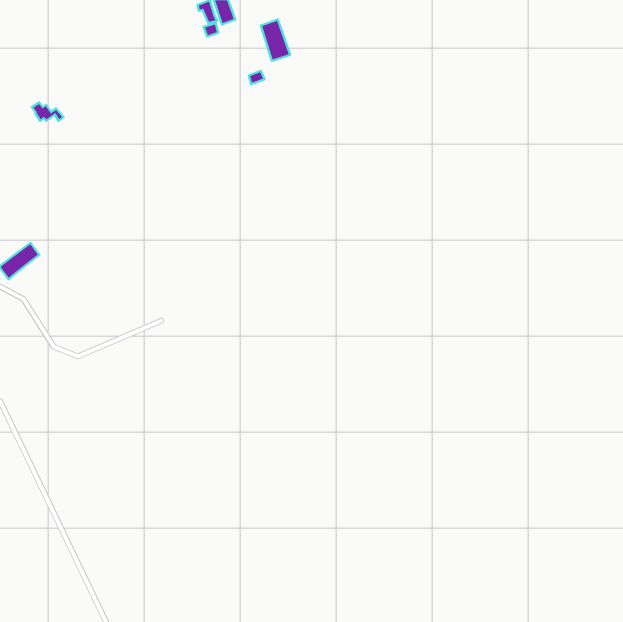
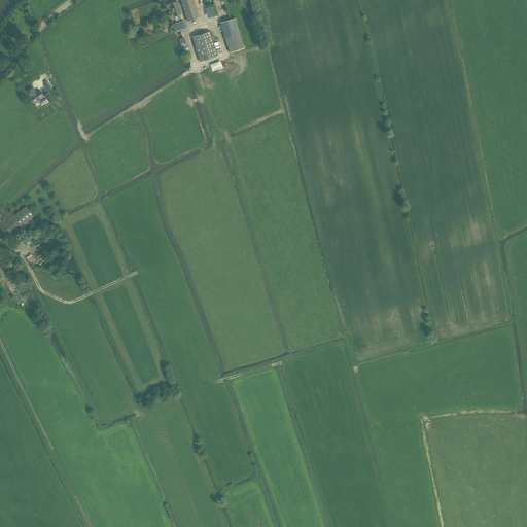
building: none -> [192,31,218,61]

